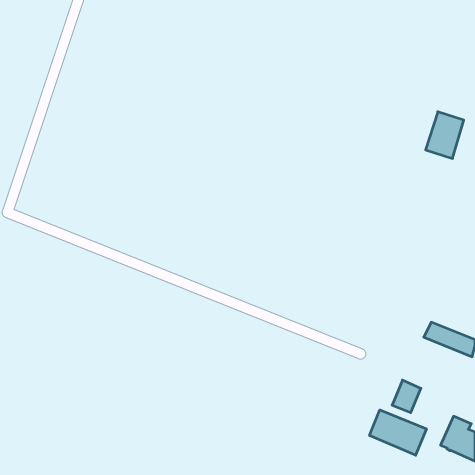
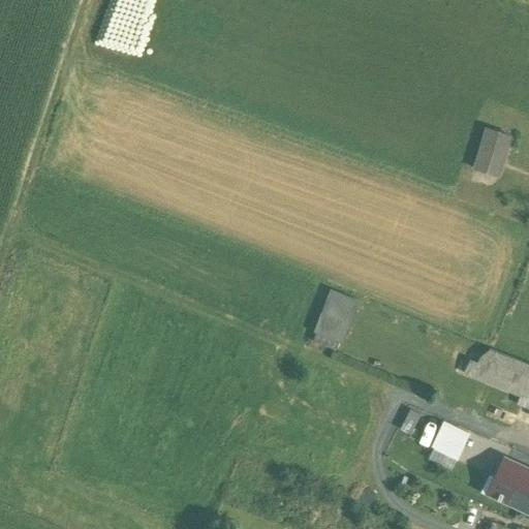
building: none -> [311,287,355,348]
building: [370,410,426,455] -> none

